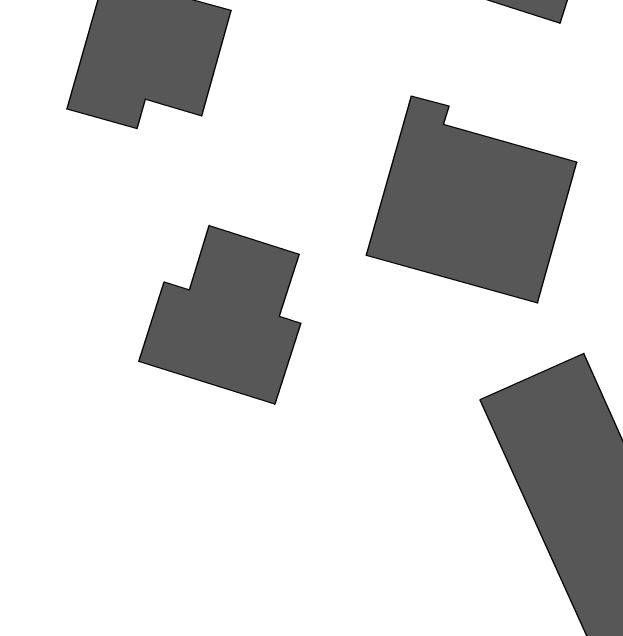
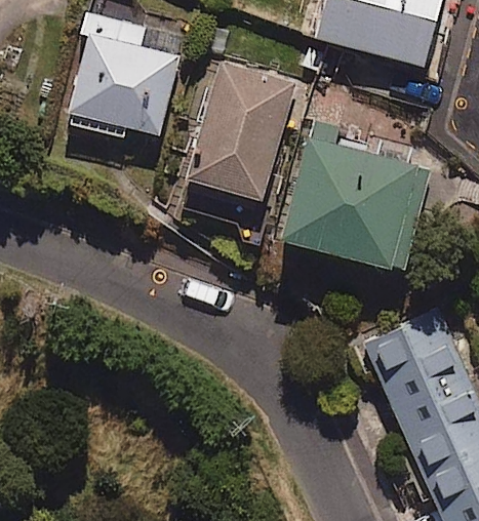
building: none -> [183,59,297,203]
building: [139,225,301,404] -> none

